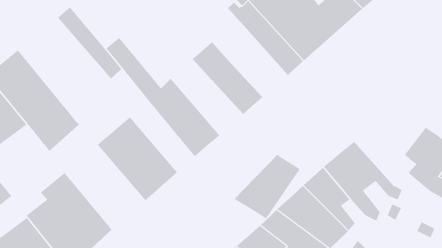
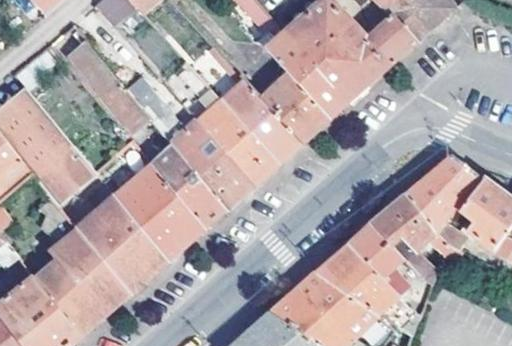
building: none -> [175,60,279,185]
building: none -> [261,72,330,142]
building: none -> [151,146,224,227]
building: none -> [405,155,485,246]
building: none -> [77,196,168,292]
building: [234,154,300,219] -> none

